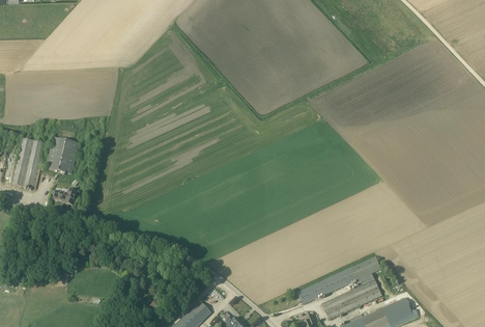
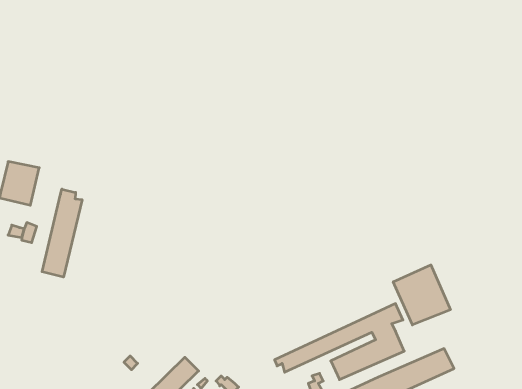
building: none -> [42,189,82,277]
building: none -> [393,265,450,325]

